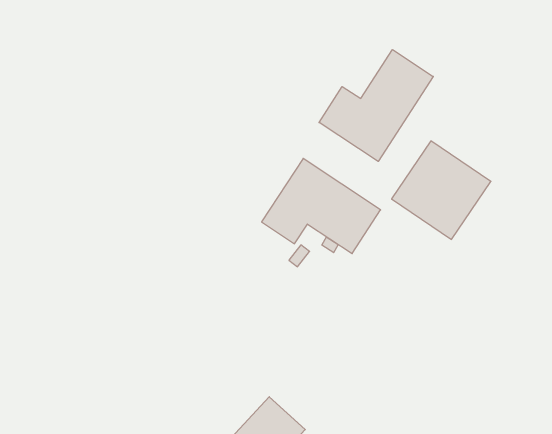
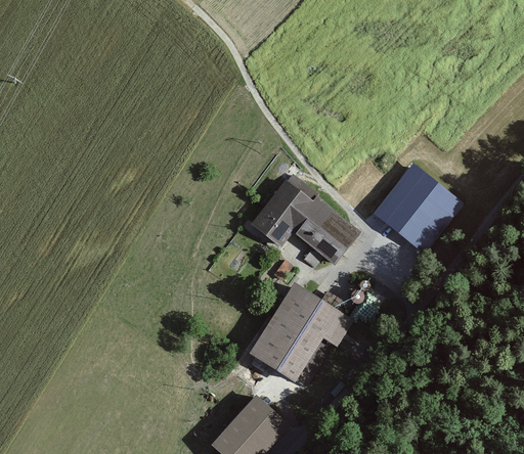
building: [319,50,433,161] -> none
building: none -> [244,279,351,394]

